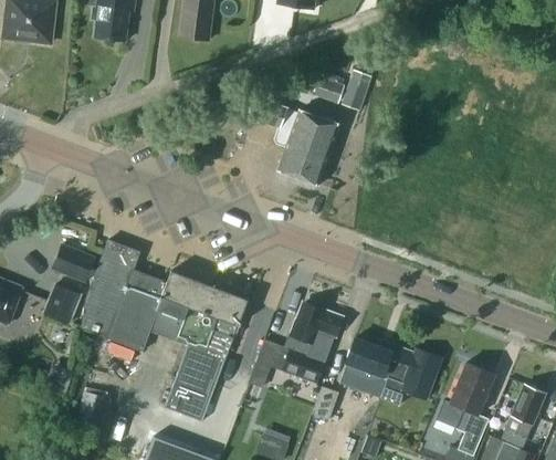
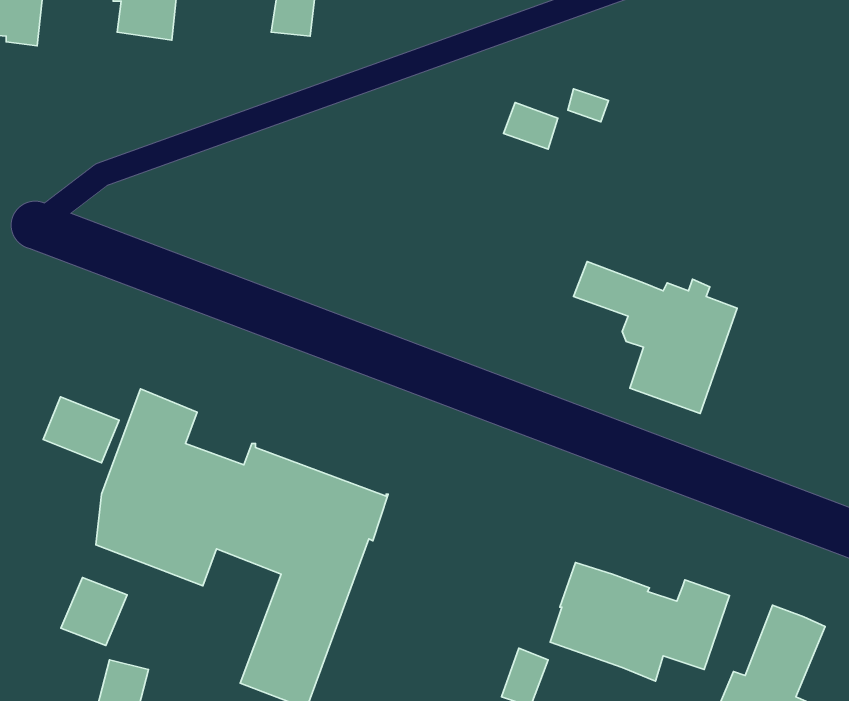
building: [246,97,339,184] -> [573,261,737,413]
building: [43,283,81,322] -> [61,577,127,646]
building: [249,302,343,386] -> none

